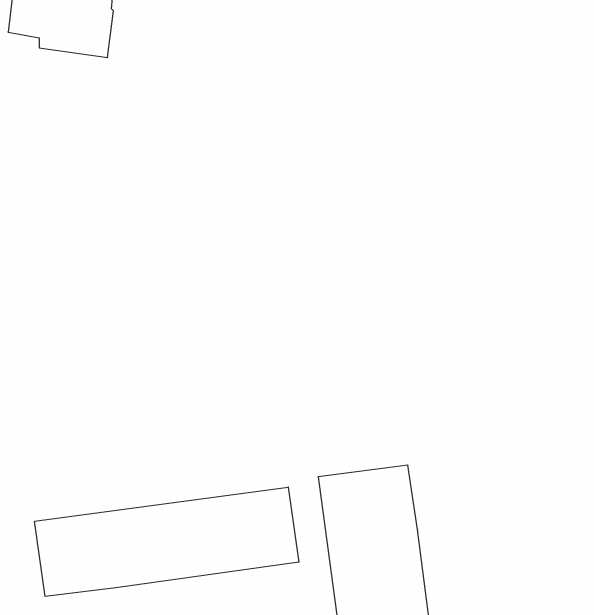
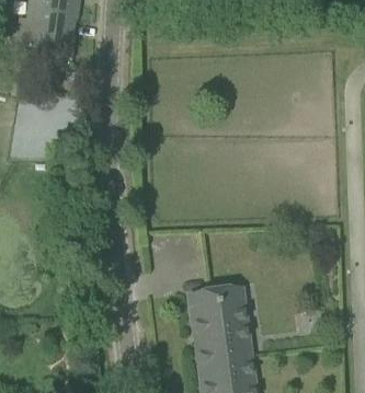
building: [35,487,299,596] -> none

